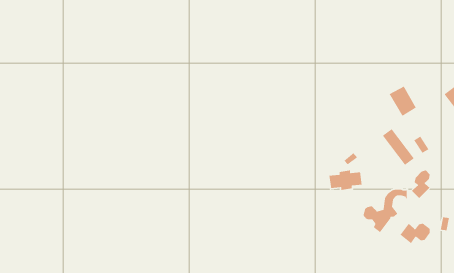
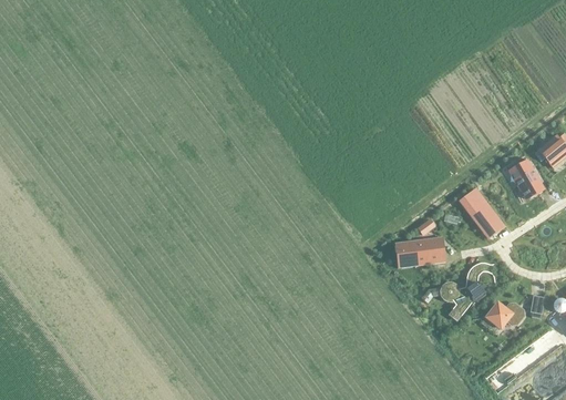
building: [388,86,417,117] -> [508,161,543,198]
building: [411,170,431,199] -> none

